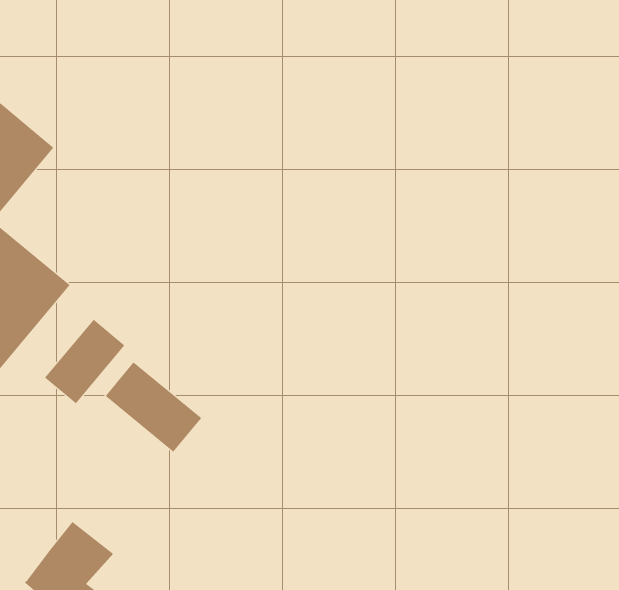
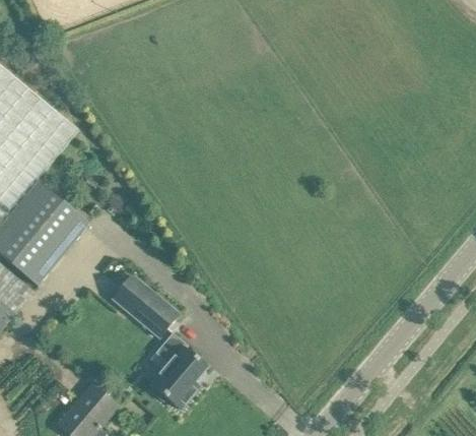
building: [44,319,125,404] -> none
building: none -> [151,331,206,409]

